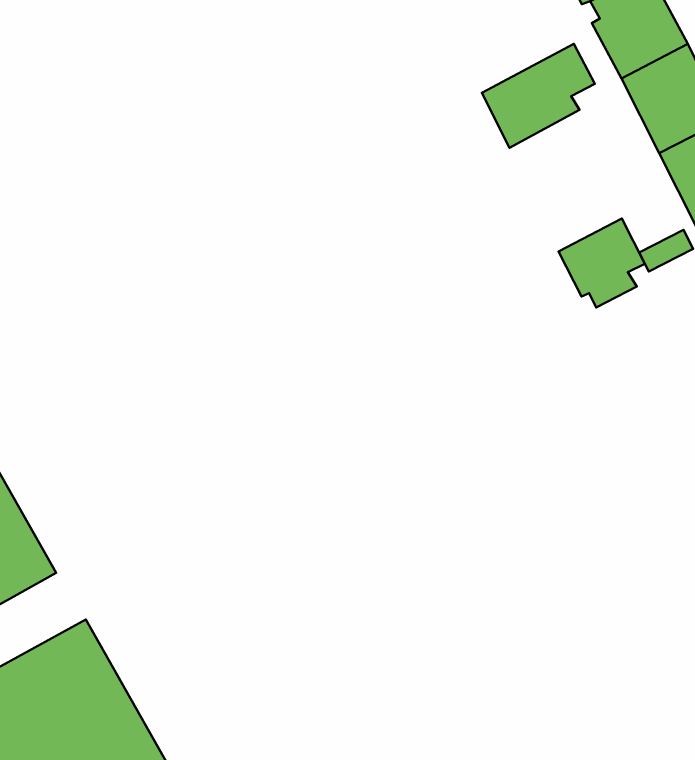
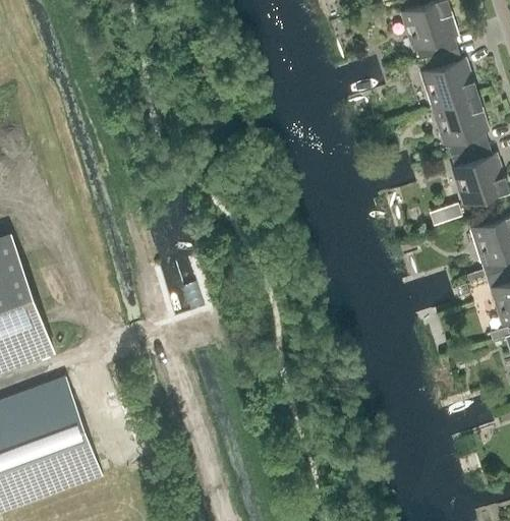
building: [482,44,595,148] -> none
building: [558,219,645,308] -> none

